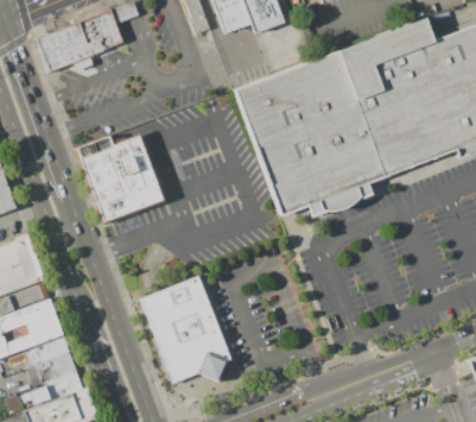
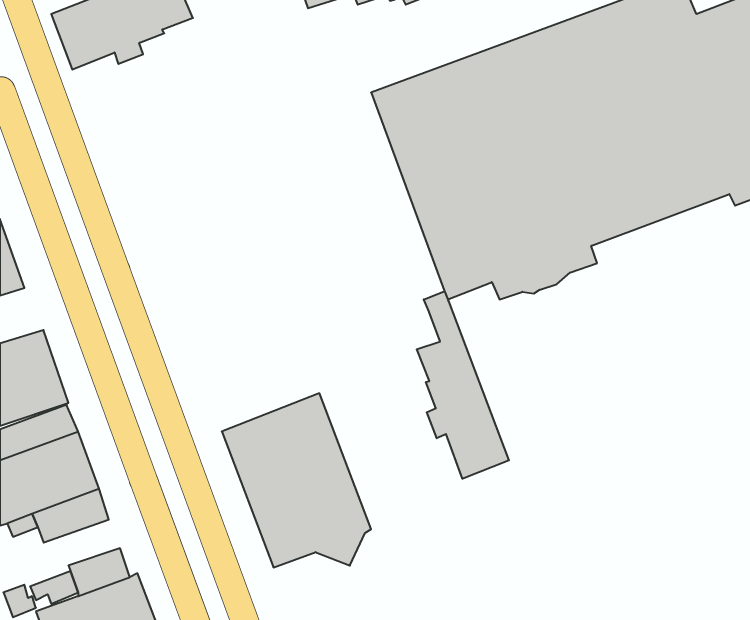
building: [75,134,164,223] -> none
building: none -> [417,291,509,479]
building: [26,353,77,386] -> none

